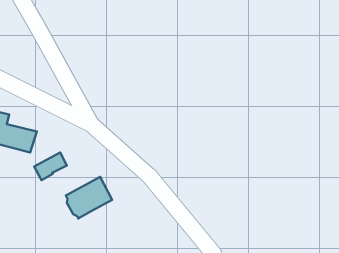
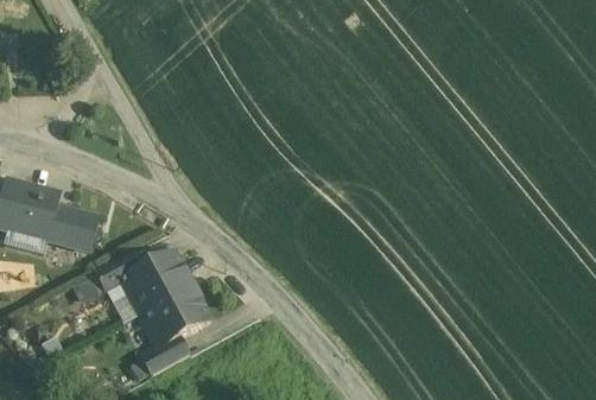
building: none -> [122,250,192,311]
building: none -> [141,334,190,373]

